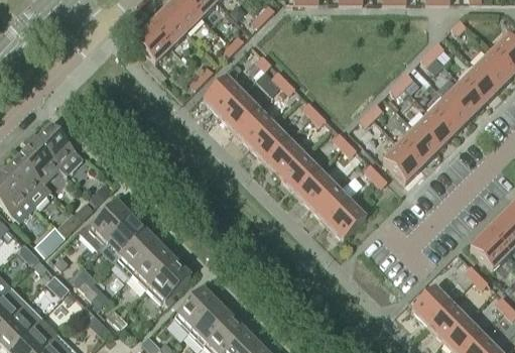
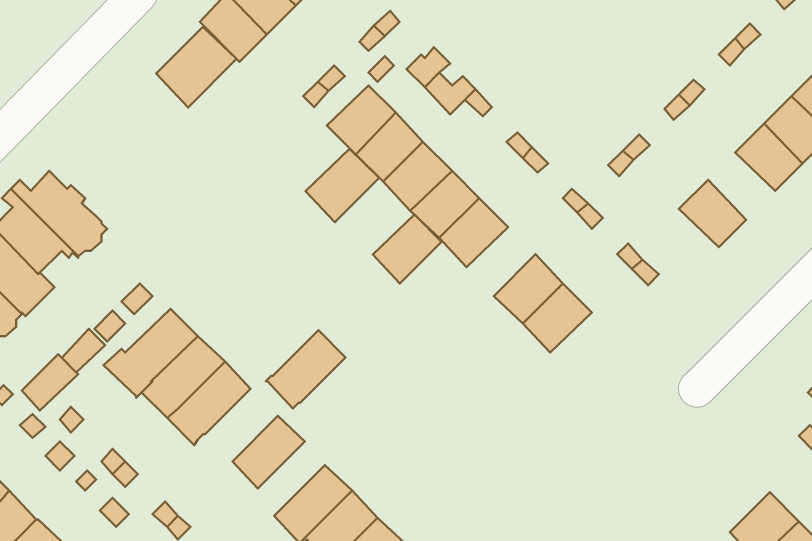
building: none -> [156,27,237,107]
building: none -> [305,149,379,222]
building: [415,114,453,151] -> none
building: [384,145,421,183] -> none
building: [281,155,319,194] -> [373,215,442,284]
building: [328,203,366,240] -> none
building: [132,245,176,288] -> [266,330,346,408]
building: [411,286,449,325] -> none

